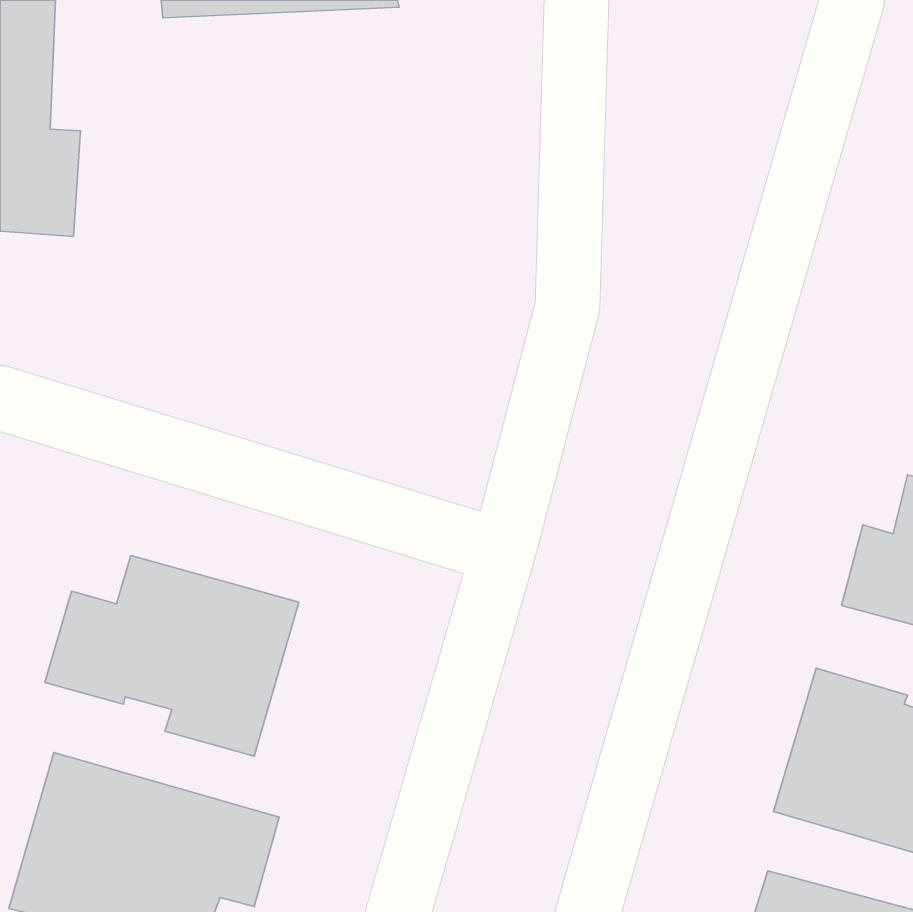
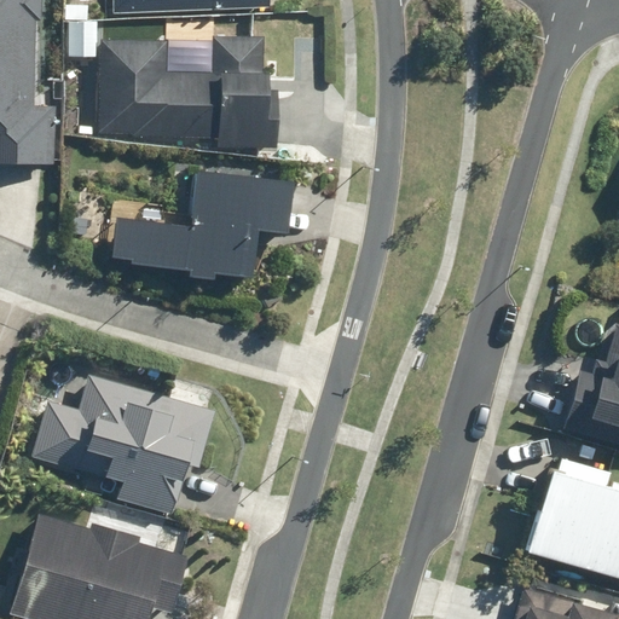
building: none -> [93,34,278,152]
building: none -> [110,167,294,280]

